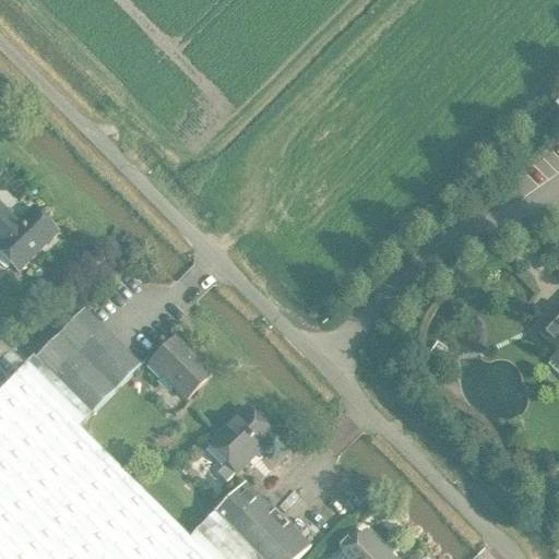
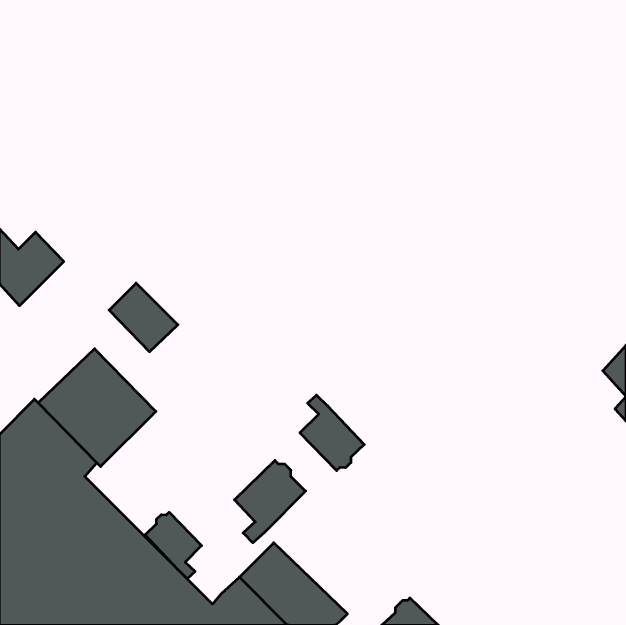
building: [150,338,211,400] -> [109,283,178,352]
building: none -> [300,395,364,471]
building: none -> [145,512,202,579]

